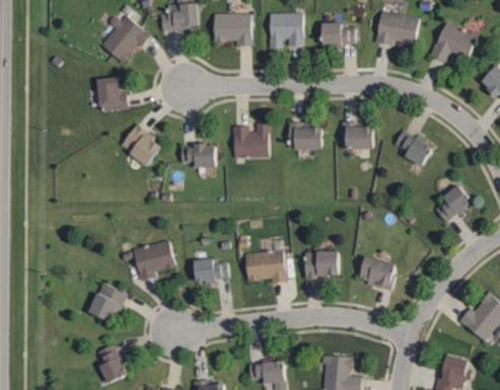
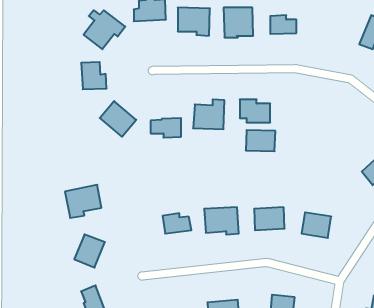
building: [376,12,419,46] -> none
building: [340,125,375,150] -> [246,130,275,151]
building: [391,130,433,165] -> none
building: [132,241,175,281] -> [65,185,101,218]

